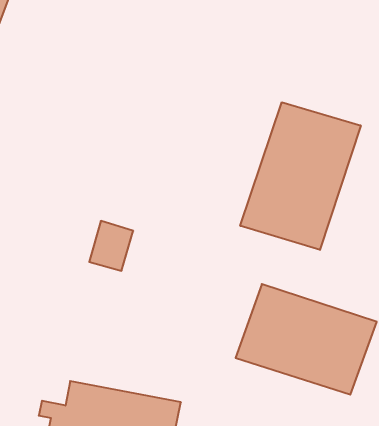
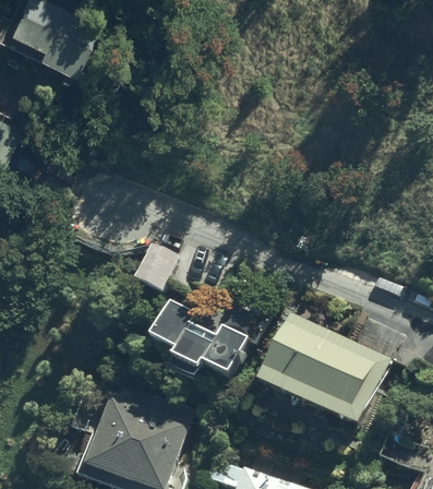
building: [240,102,361,250] -> none
building: none -> [151,302,245,373]

